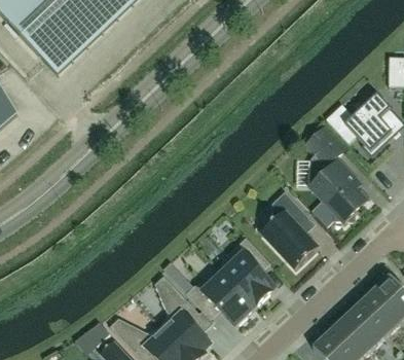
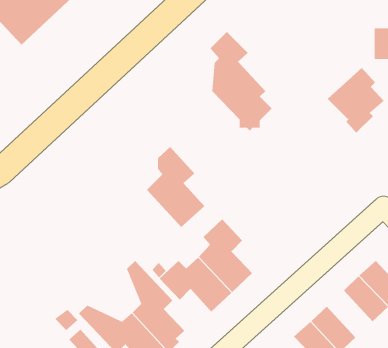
building: [306,127,366,221] -> [209,31,273,131]
building: [262,189,318,266] -> [146,146,205,228]
building: [344,302,388,347] -> none

